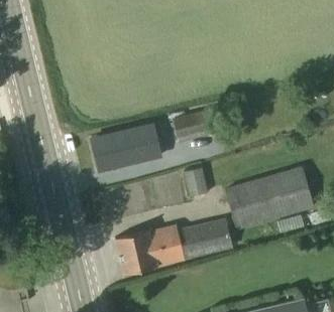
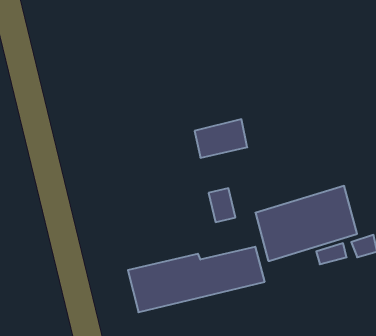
building: [92,125,161,171] -> none

